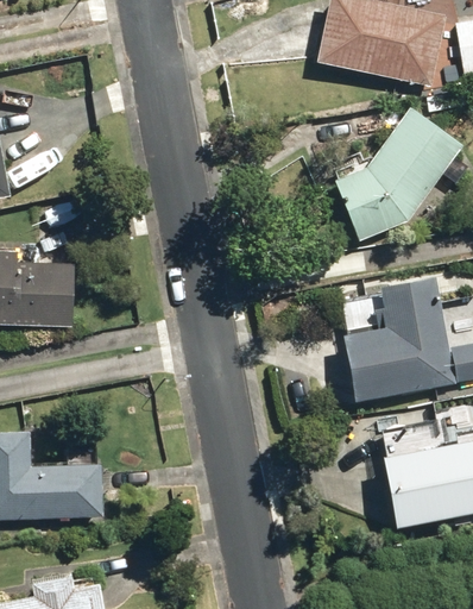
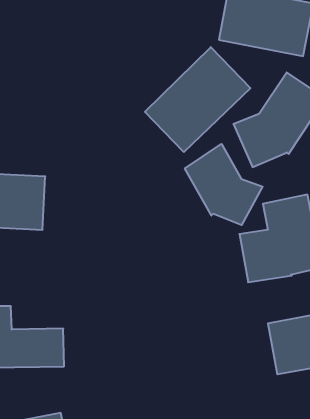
building: none -> [145,47,250,152]
building: none -> [185,144,263,225]

